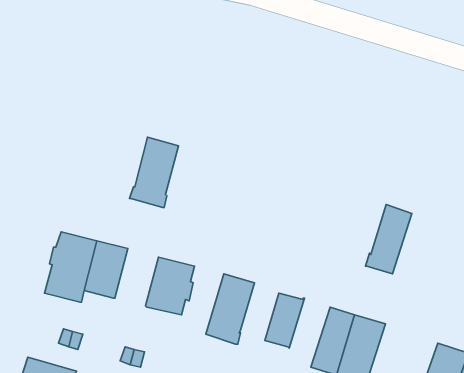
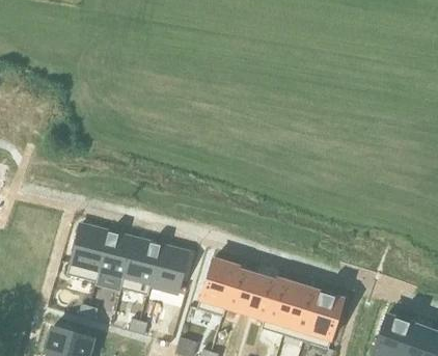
building: [130,137,178,207] -> [120,238,160,295]
building: [366,205,412,274] -> [262,278,299,334]
building: none -> [225,266,257,312]

